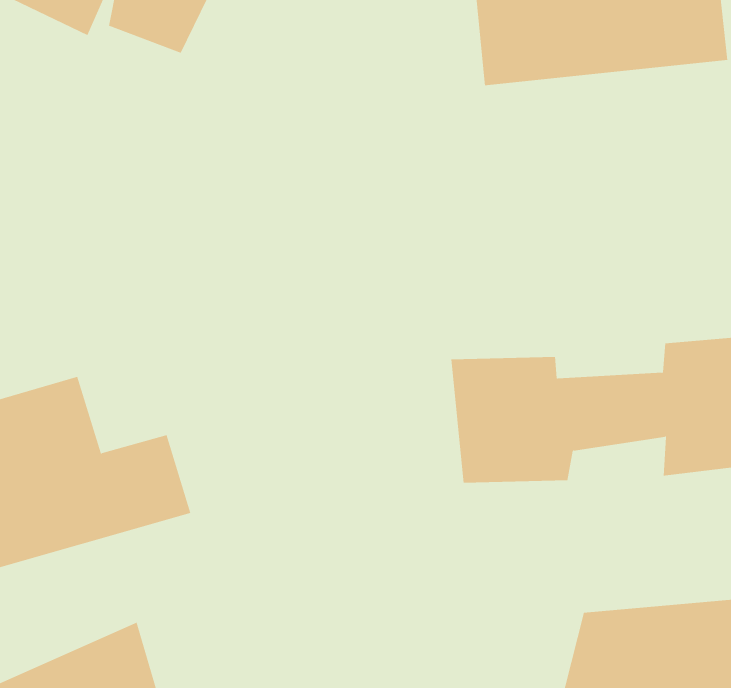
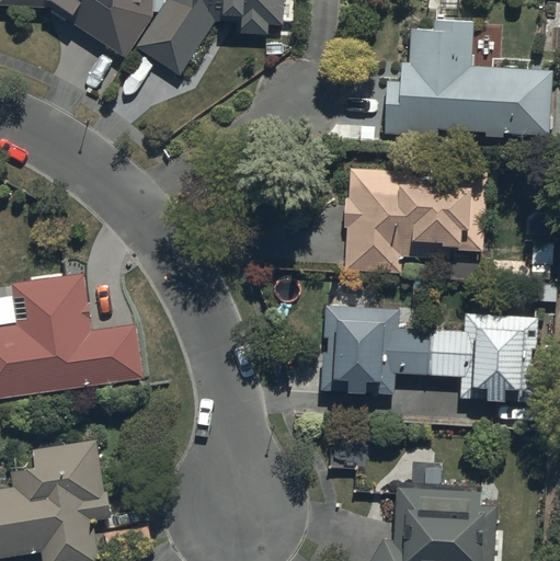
building: none -> [343,171,488,270]

